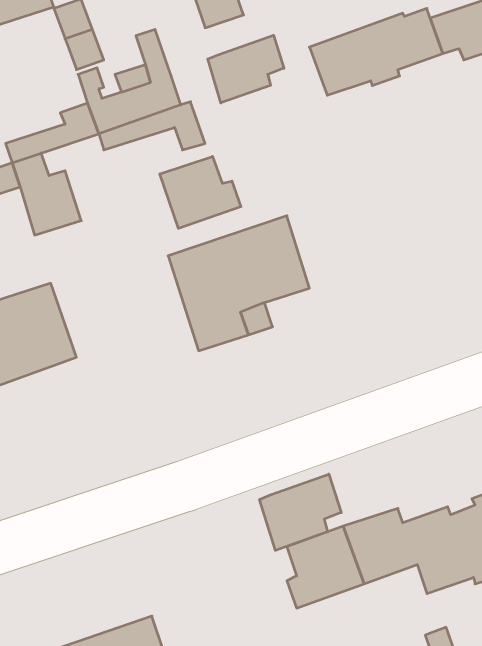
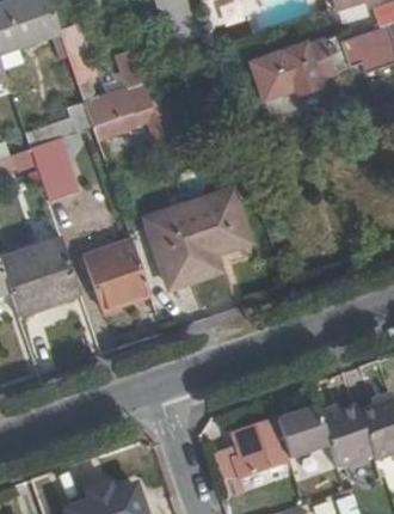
building: [208,35,284,103] -> none
building: [160,156,241,228] -> none
building: none -> [80,245,149,310]
building: [260,474,341,550] -> none

